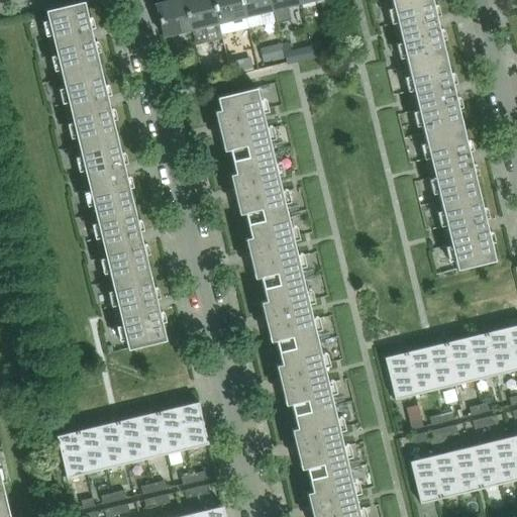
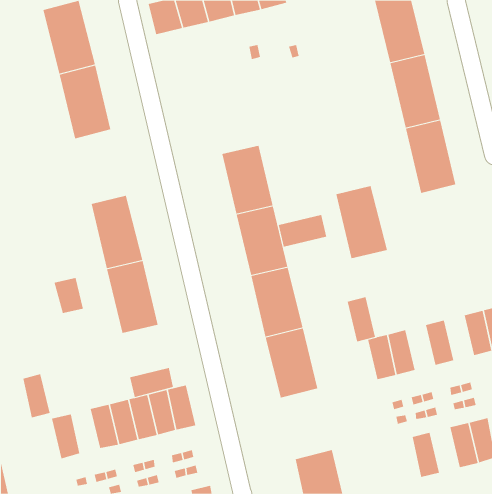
building: [218,88,273,161] -> none
building: [80,135,134,213] -> none
building: [441,193,496,270] -> [336,185,388,259]
building: none -> [278,214,327,247]
building: none -> [54,277,84,314]
building: [467,329,497,377] -> none
building: [426,339,456,387] -> [347,297,376,342]
building: none -> [130,367,174,398]
building: [295,406,349,480] -> none
building: [77,427,106,474] -> [22,374,51,418]
building: [451,446,482,494] -> none
building: [411,456,441,504] -> none

